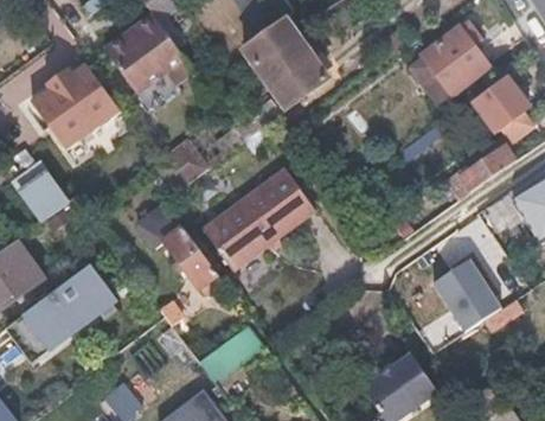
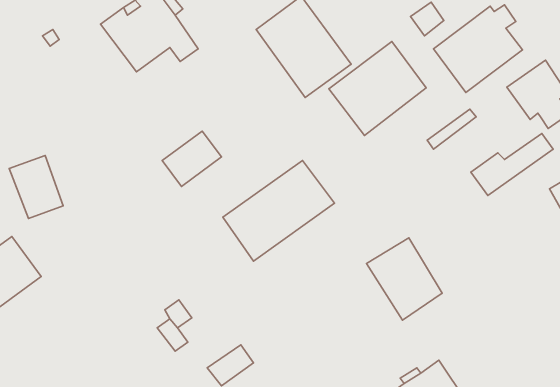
building: none -> [329,42,426,135]
building: [36,63,121,147] -> none
building: [141,200,219,295] -> none
building: [21,261,113,346] -> none
building: [434,261,504,337] -> [366,238,442,320]

